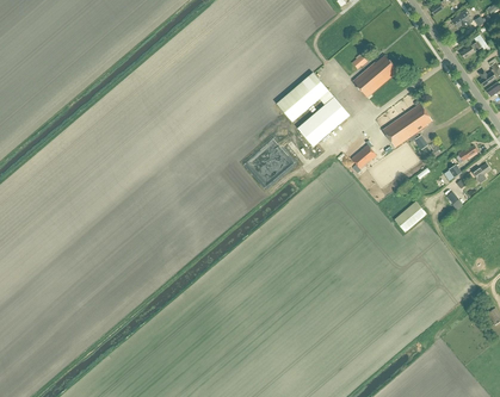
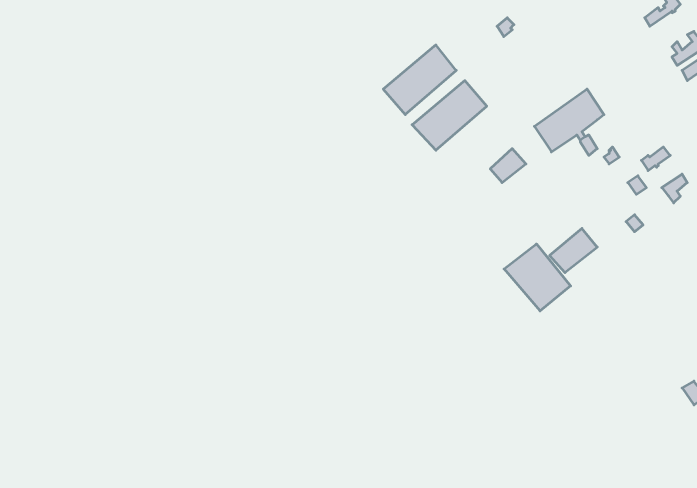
building: [353,55,399,97] -> none
building: none -> [504,244,571,311]

